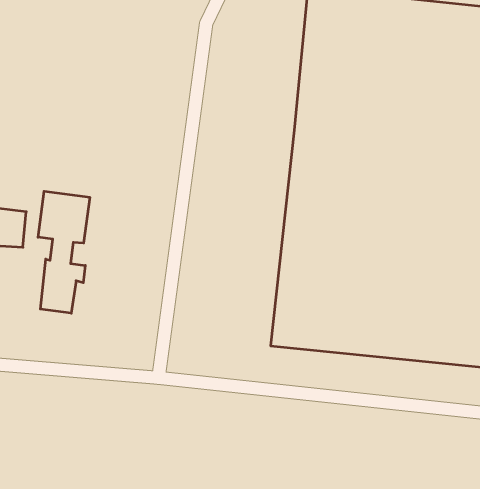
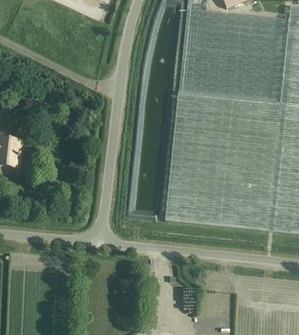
building: [38,191,90,313] -> none

